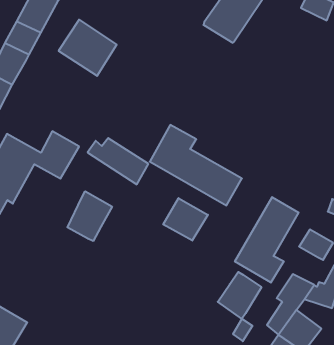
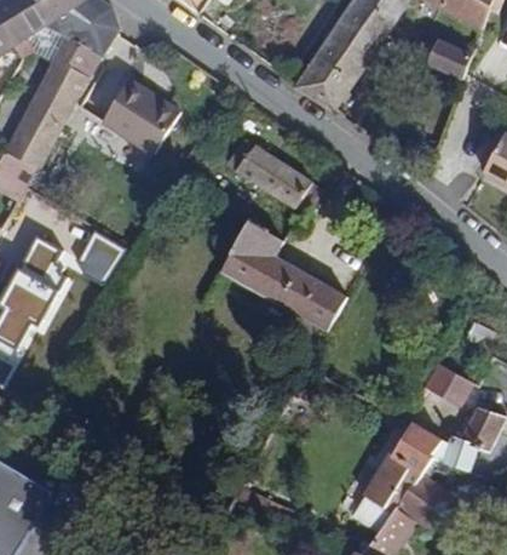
building: [88,138,148,184] -> [227,145,310,208]
building: [67,191,112,241] -> none
building: [235,197,299,283] -> none
building: [163,198,208,241] -> none
building: [218,272,261,319] -> none

